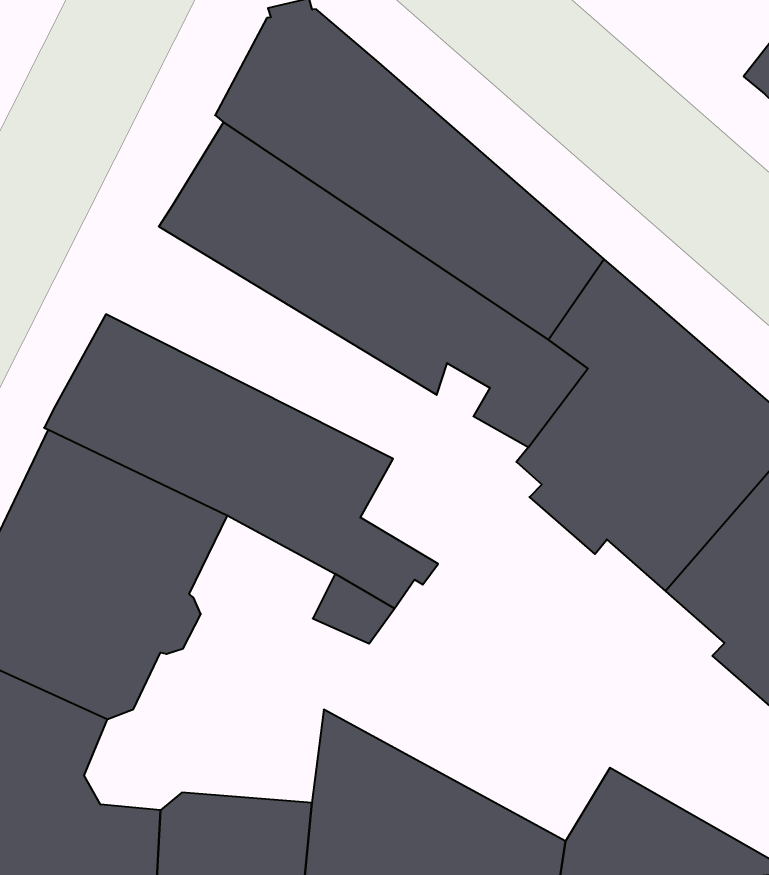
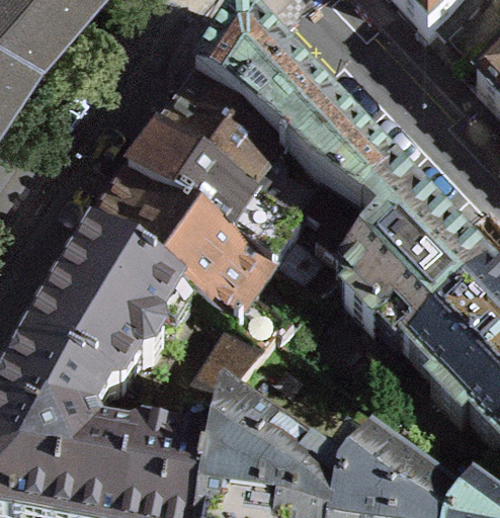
building: none -> [129,127,299,263]

